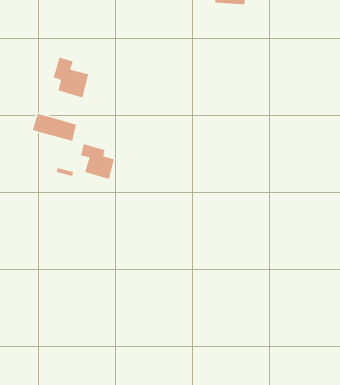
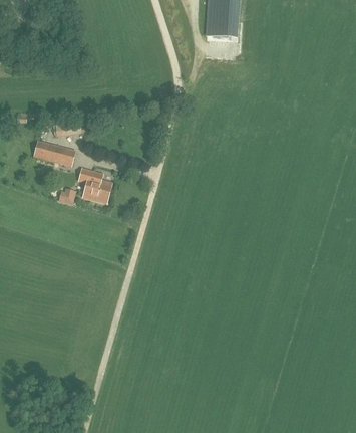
building: [53,57,89,98] -> none

